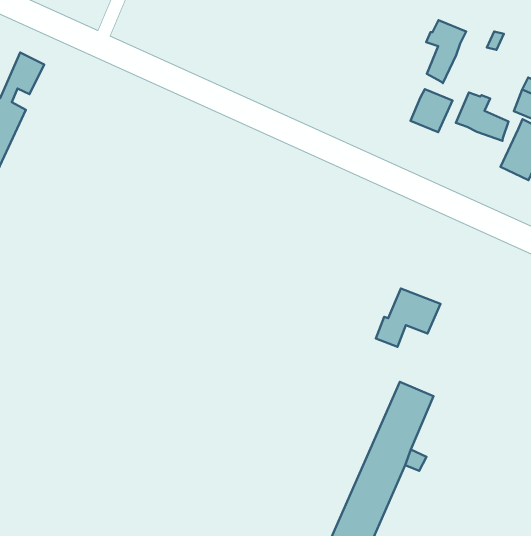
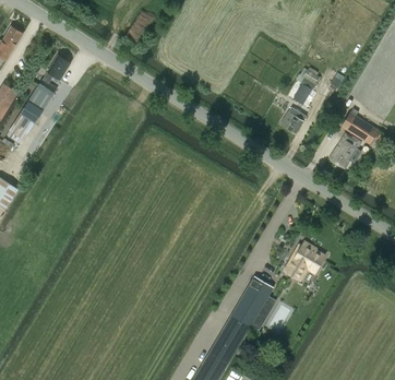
building: [456,93,509,141] -> none
building: [376,288,440,347] -> [284,244,324,277]

